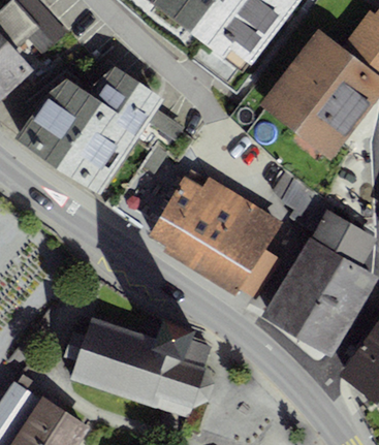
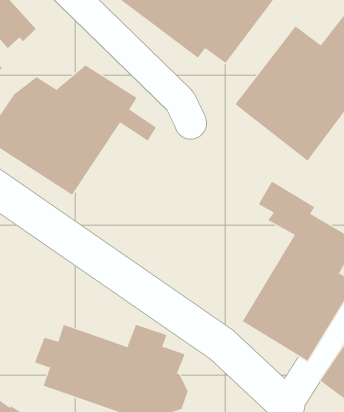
building: [146,173,281,297] -> none

